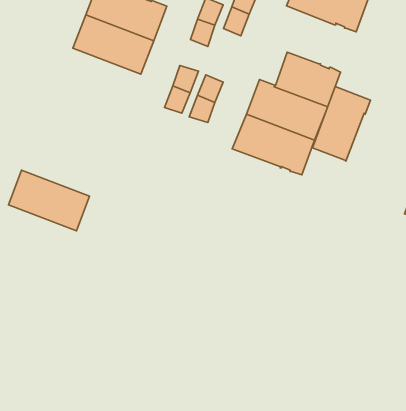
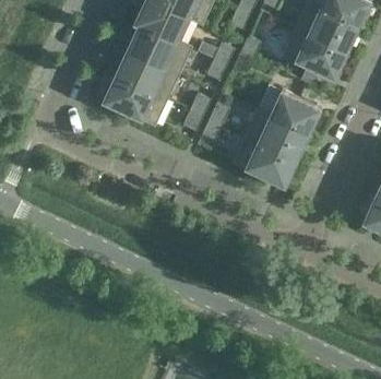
building: [313,87,371,161] -> none
building: [8,170,89,231] -> [103,75,166,126]

